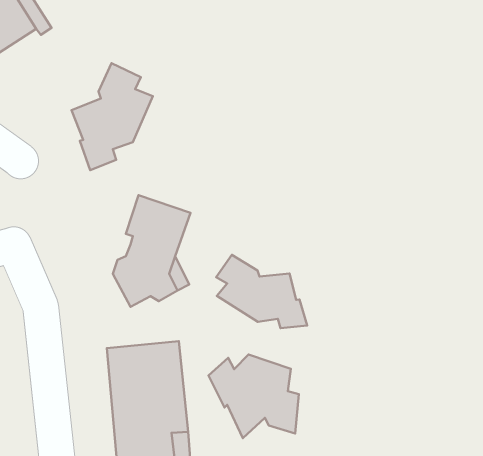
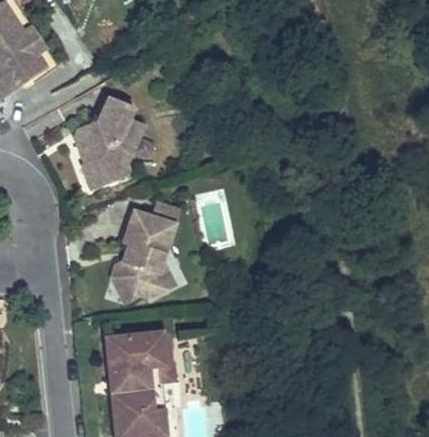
building: [216,255,307,328] -> none
building: [208,355,299,438] -> none

